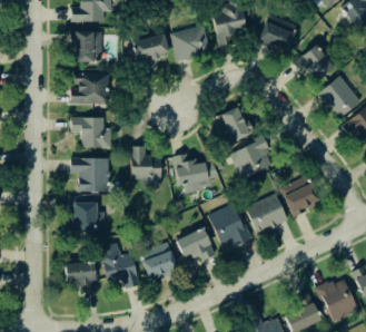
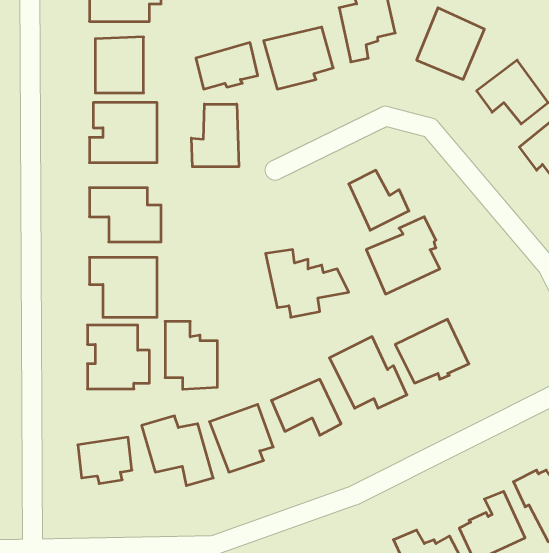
building: none -> [191,104,239,167]
building: [131,147,161,186] -> [165,321,217,389]
building: [280,177,318,217] -> none

